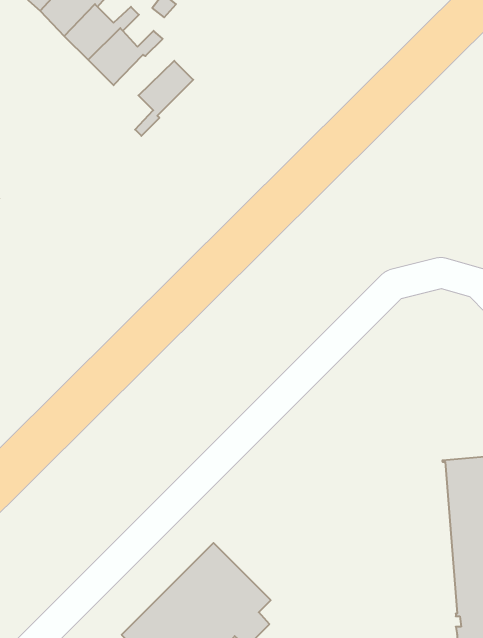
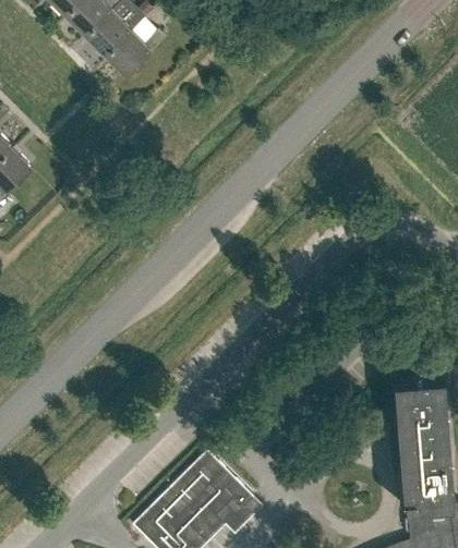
building: [135,61,193,136] -> none

